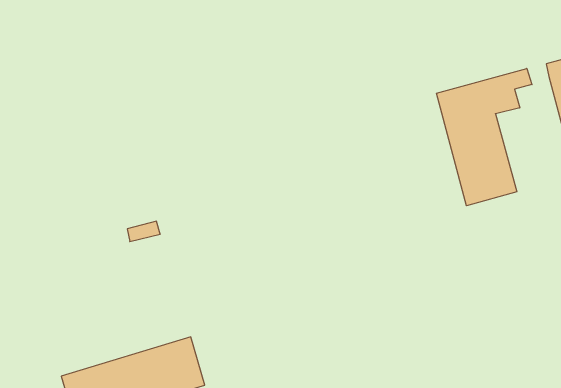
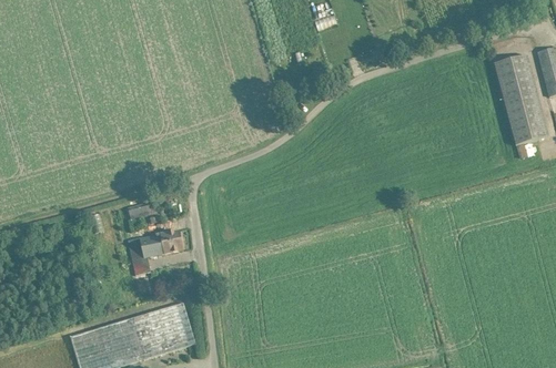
building: [437,68,532,206] -> none
building: none -> [128,229,183,274]

